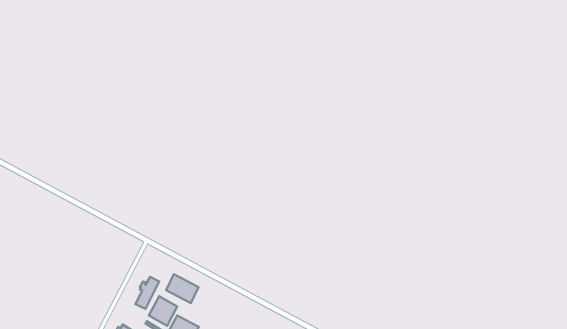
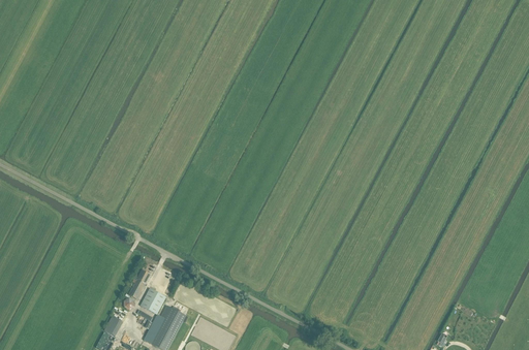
building: [166,274,198,303] -> none

